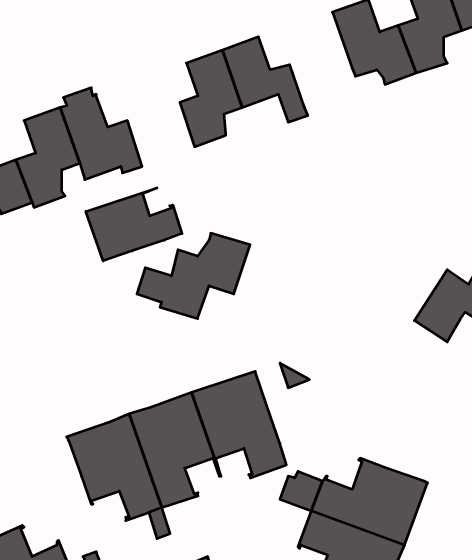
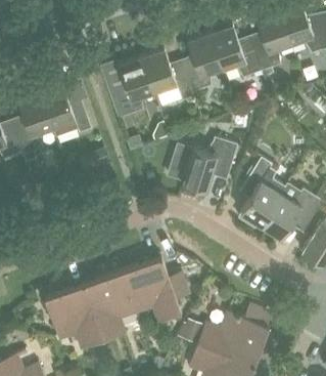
building: none -> [182,32,221,91]
building: [86,188,182,261] -> none
building: none -> [237,156,286,226]
building: [137,233,250,319] -> [167,136,237,190]

